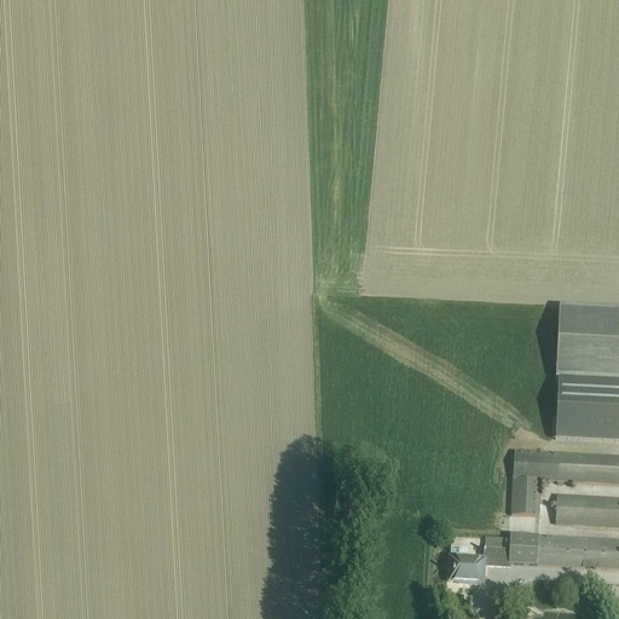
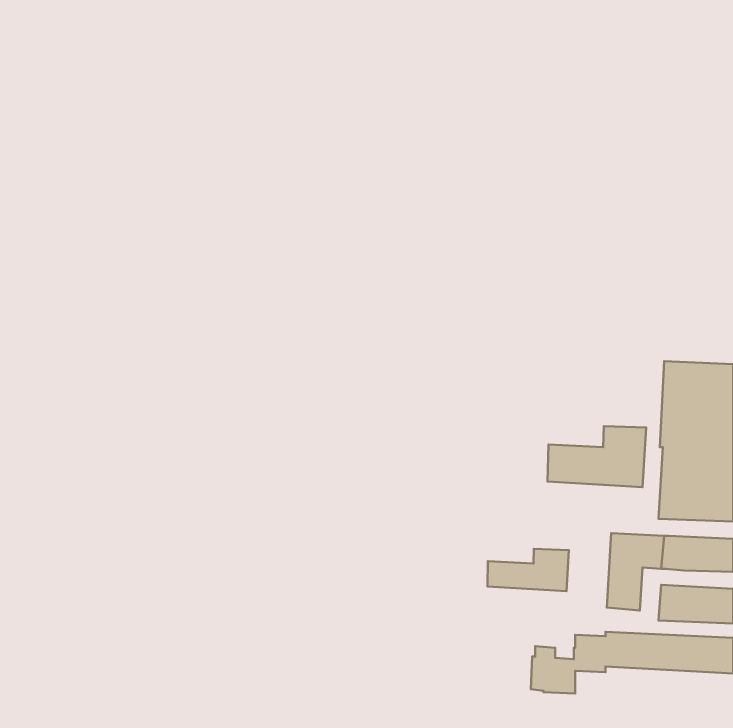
building: none -> [547,426,646,487]
building: none -> [487,549,569,591]

